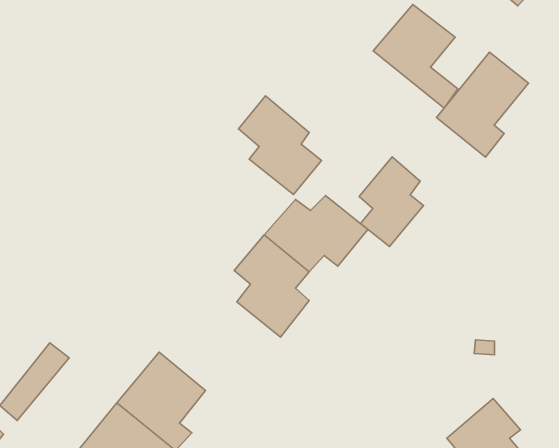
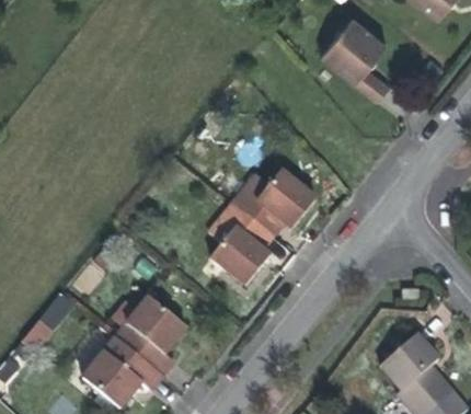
building: [436,52,529,157] -> none
building: [238,96,321,195] -> none
building: [359,157,423,247] -> none

